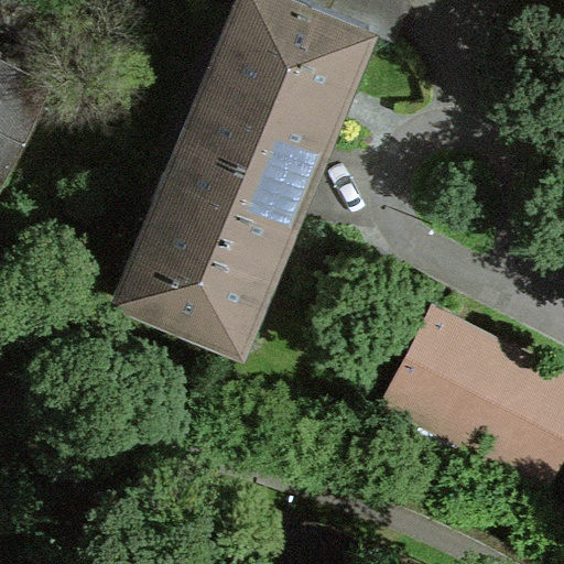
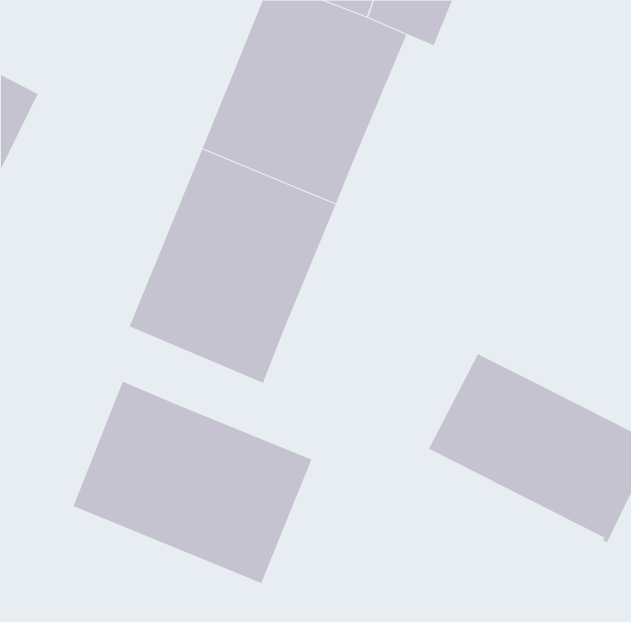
building: none -> [73,381,312,584]

